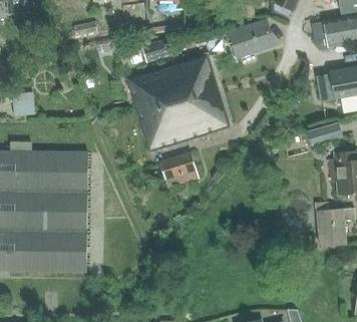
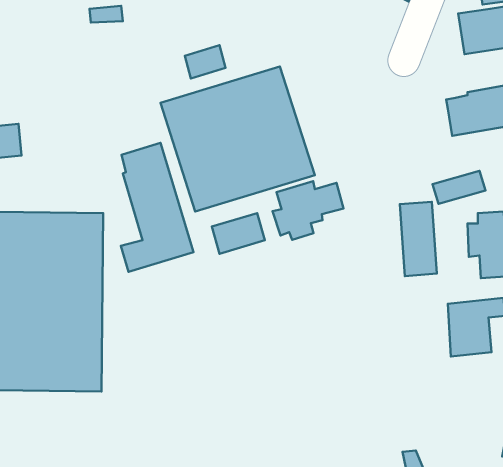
building: [229,20,273,56] -> none
building: none -> [121,143,194,272]
building: none -> [272,181,344,240]
building: none -> [400,202,437,276]

